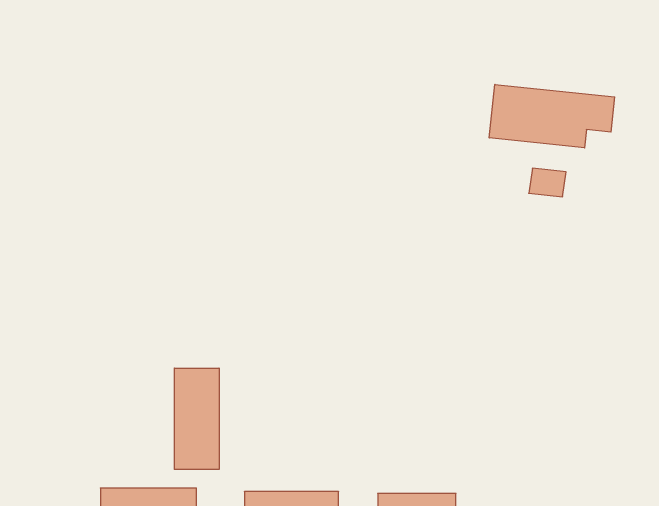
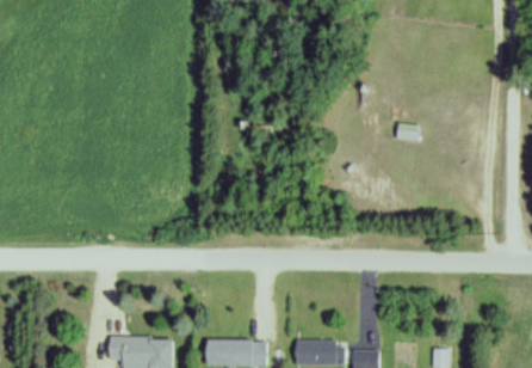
building: [489,84,615,148] -> none
building: [174,368,219,469] -> none

